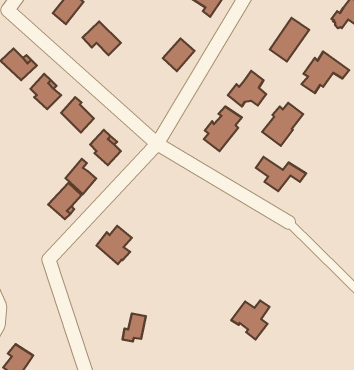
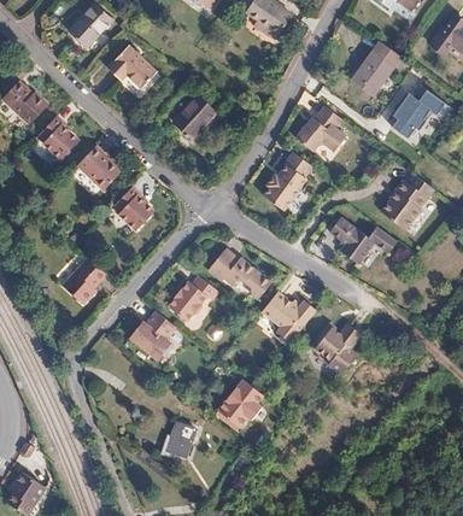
building: [163,39,195,71] -> [174,95,215,137]
building: [262,103,303,146] -> [383,177,436,233]
building: [65,159,96,194] -> none
building: none -> [204,250,268,299]
building: none -> [160,272,209,317]
building: none -> [256,292,309,344]
building: none -> [215,377,262,424]
building: [231,300,269,340] -> [313,324,363,375]

